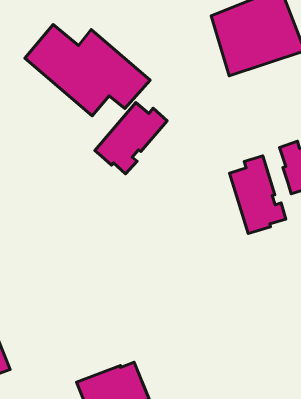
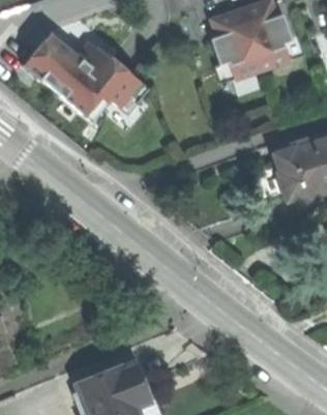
building: [95,102,167,174] -> none
building: [229,156,286,234] -> none

